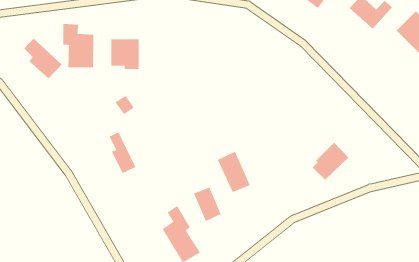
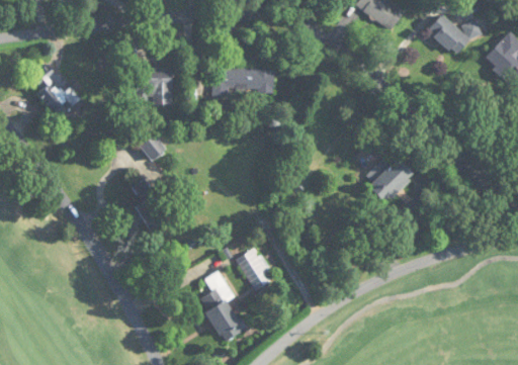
building: [63,23,94,68] -> none
building: none -> [210,66,275,98]
building: [312,142,349,181] -> [368,156,414,203]
building: [217,151,250,193] -> none

